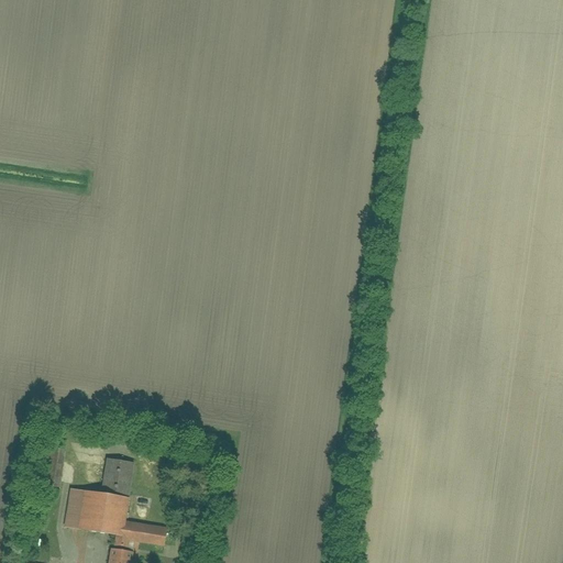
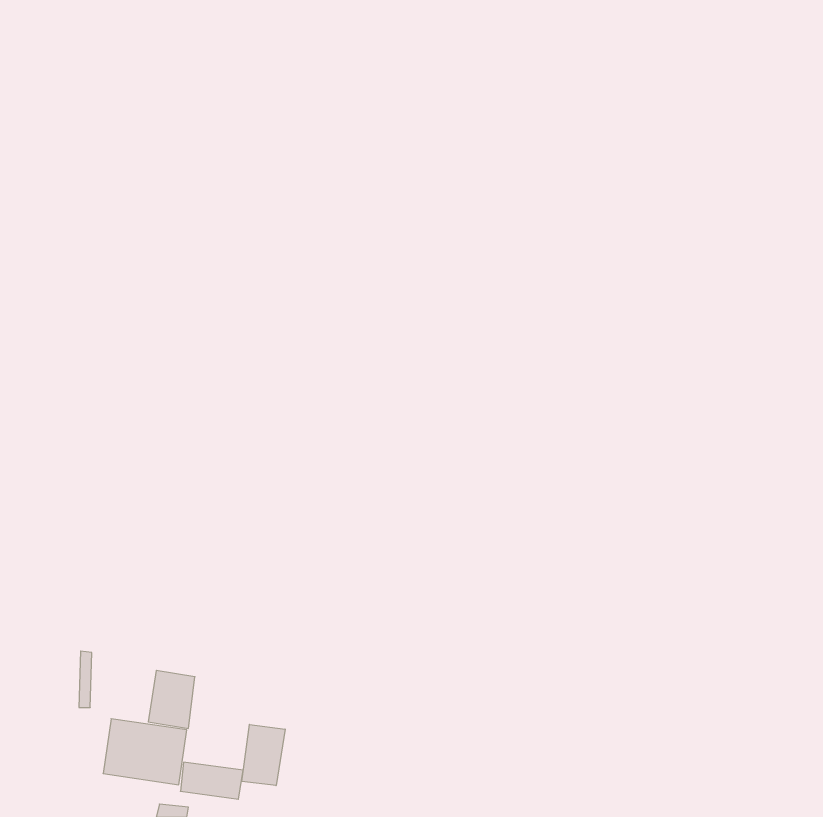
building: none -> [242,724,285,786]

